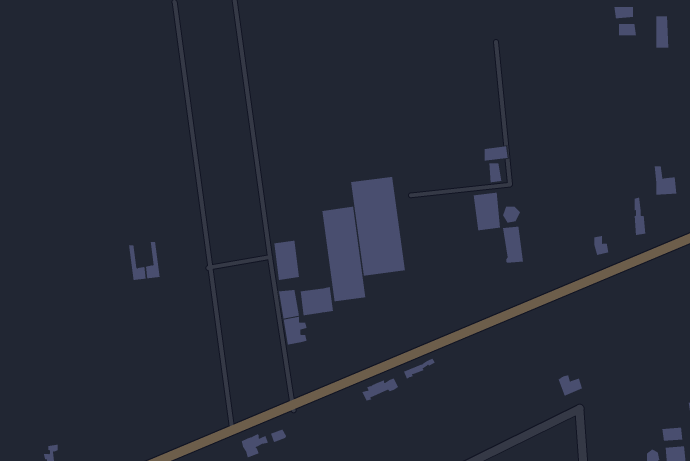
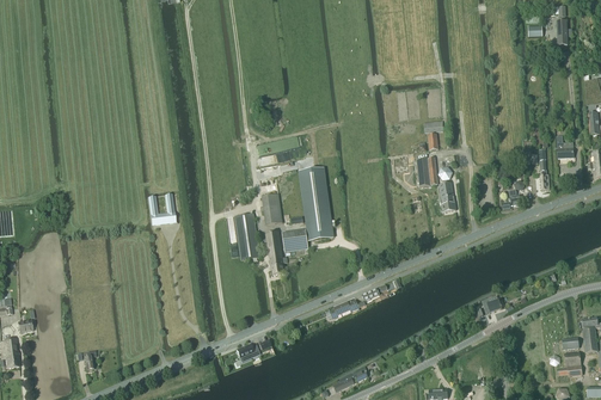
building: [351,176,405,276] -> none
building: none -> [234,211,259,258]

